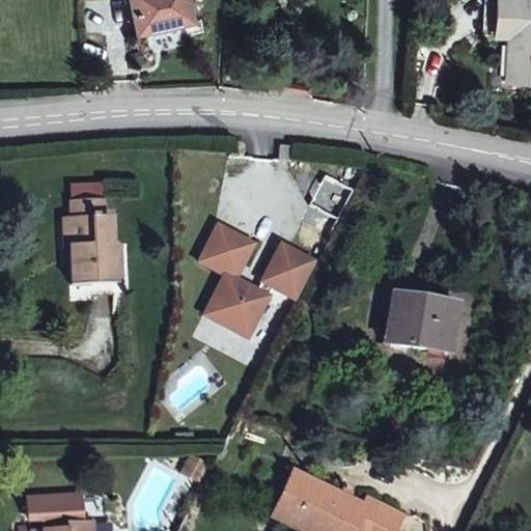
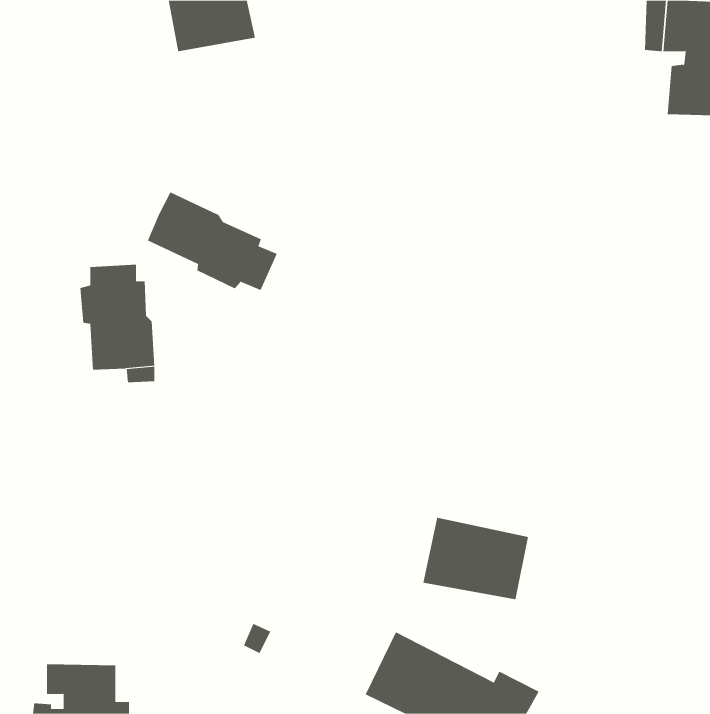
building: none -> [147,192,278,291]
building: [200,221,317,332] -> none
building: [391,292,470,354] -> [423,517,529,600]

